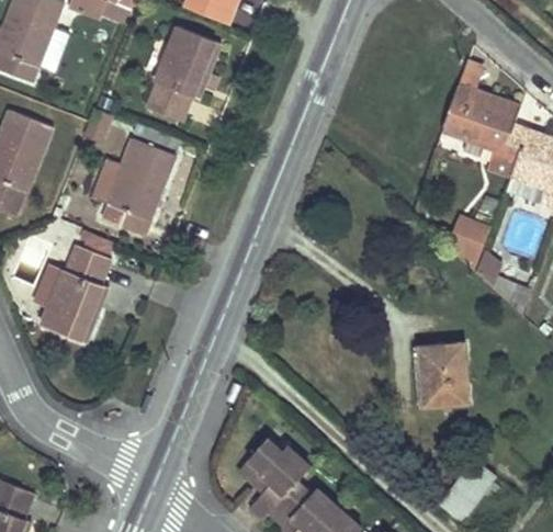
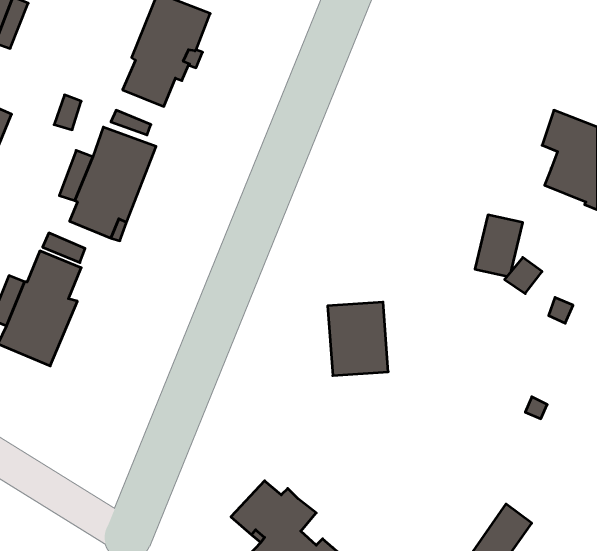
building: [443,82,519,173] -> none
building: [416,342,467,405] -> [328,302,388,376]

